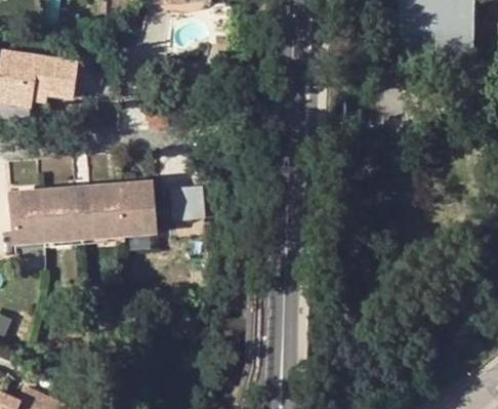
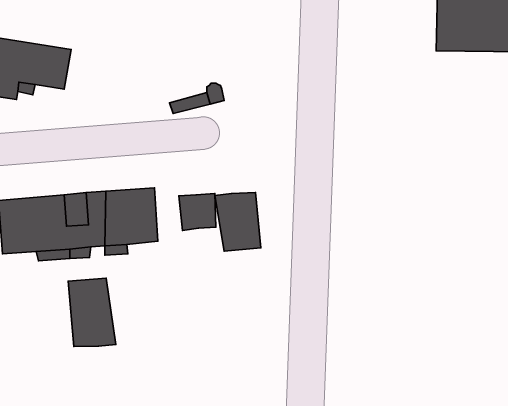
building: none -> [215,193,261,251]
building: none -> [68,278,116,347]

